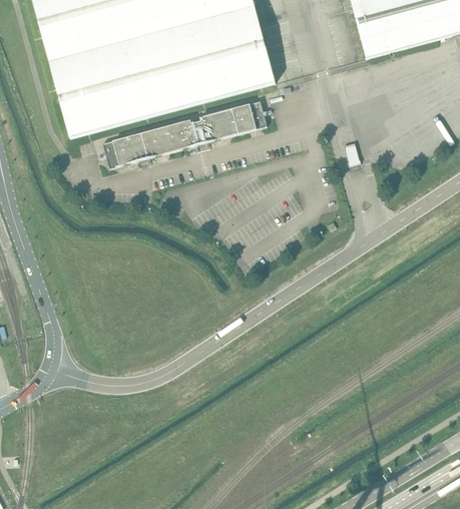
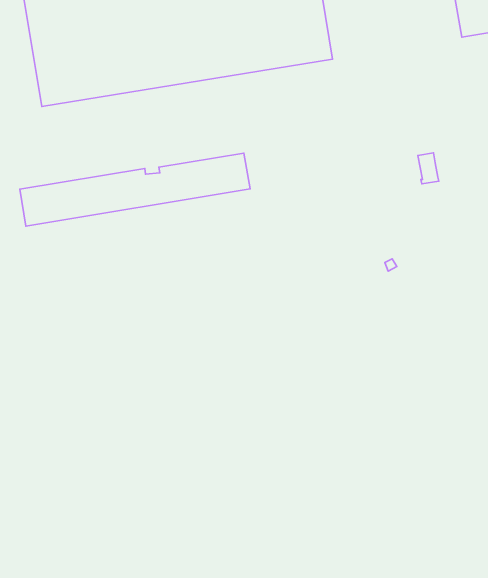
building: [102,100,268,168] -> [20,153,250,226]

